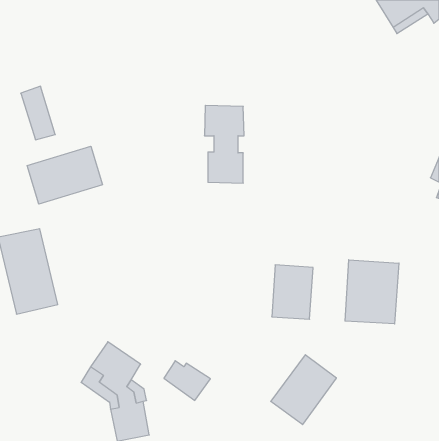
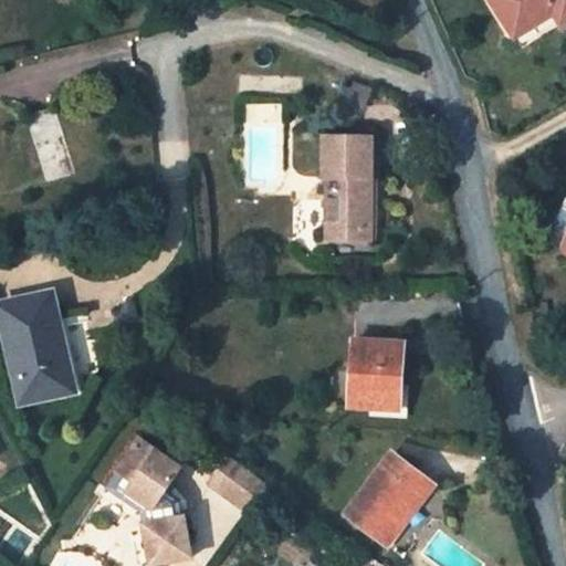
building: [204,105,244,183] -> [322,138,373,238]
building: [27,146,103,204] -> none
building: [345,260,399,324] -> none

